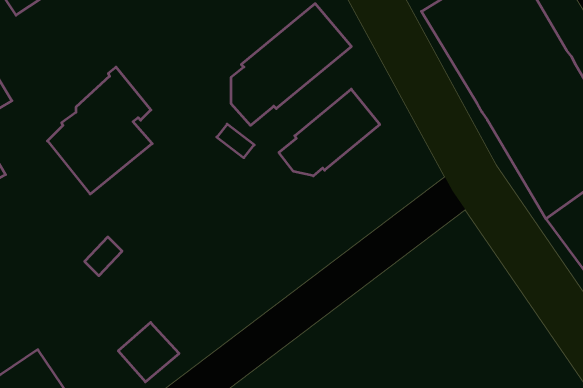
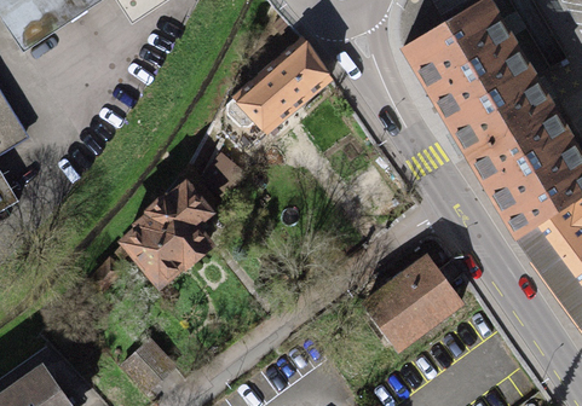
building: [47,67,152,194] -> [117,173,215,291]
building: [279,89,380,176] -> none
building: none -> [361,255,457,346]

